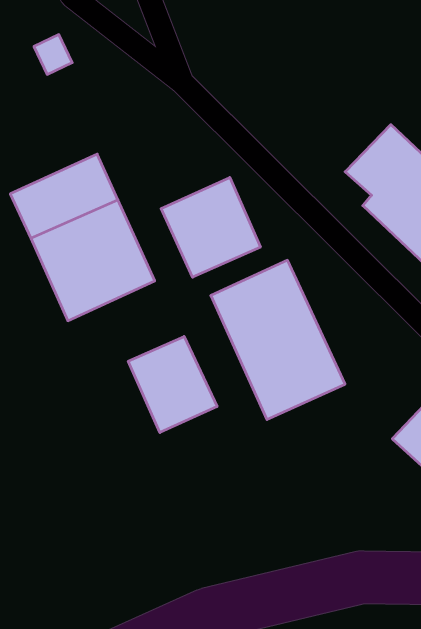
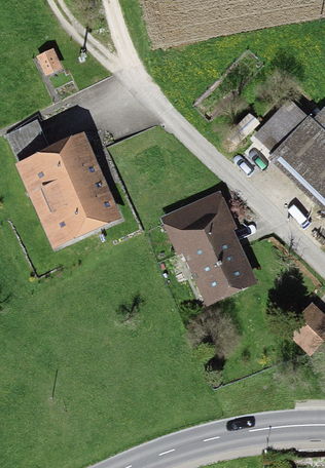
building: [161,177,260,277] -> none
building: [128,336,217,433] -> none

